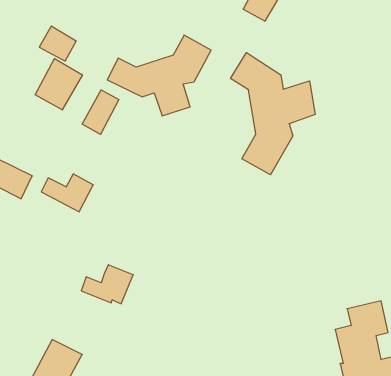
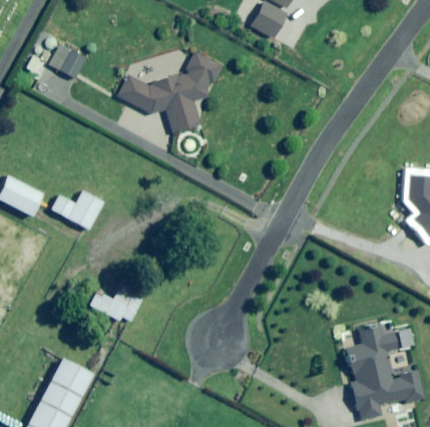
building: [231,53,315,175] -> none
building: [35,59,82,110] -> none
building: [82,90,119,134] -> none

